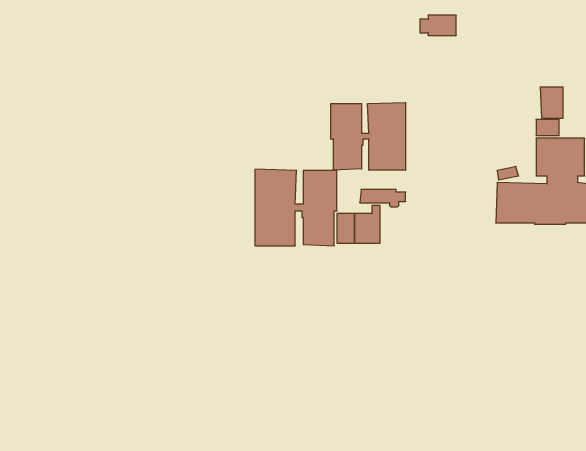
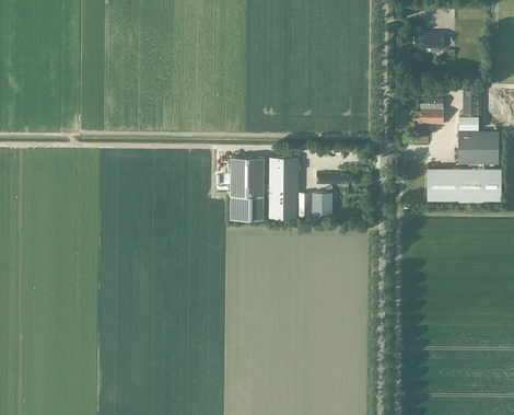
building: [420,15,456,35] -> [414,32,444,48]
building: none -> [410,99,444,124]
building: [331,102,406,170] -> none

